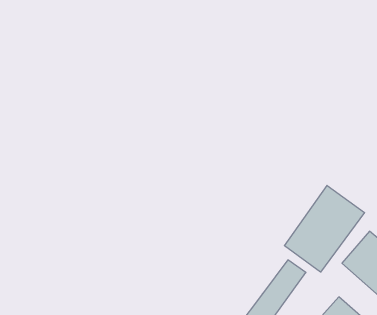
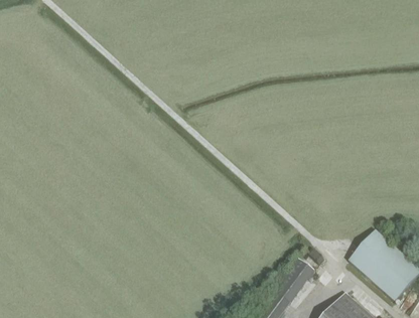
building: [284,185,365,272] -> none

